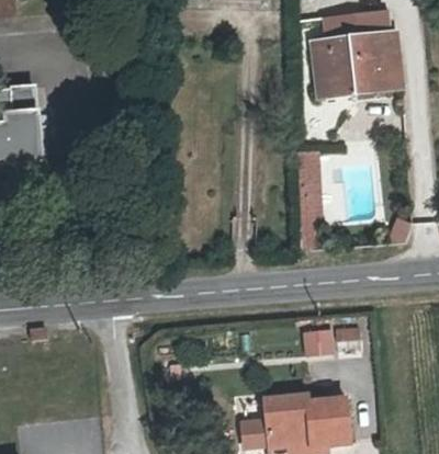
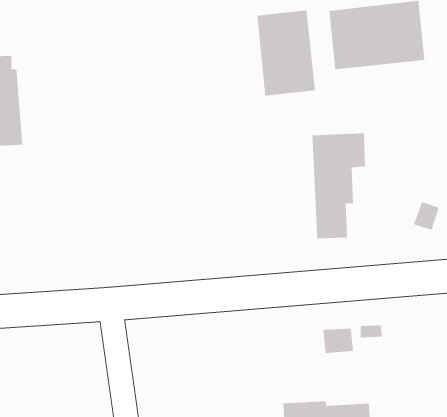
building: none -> [257,10,316,97]

